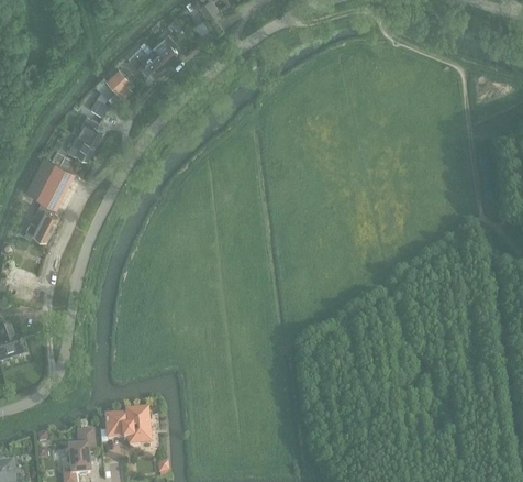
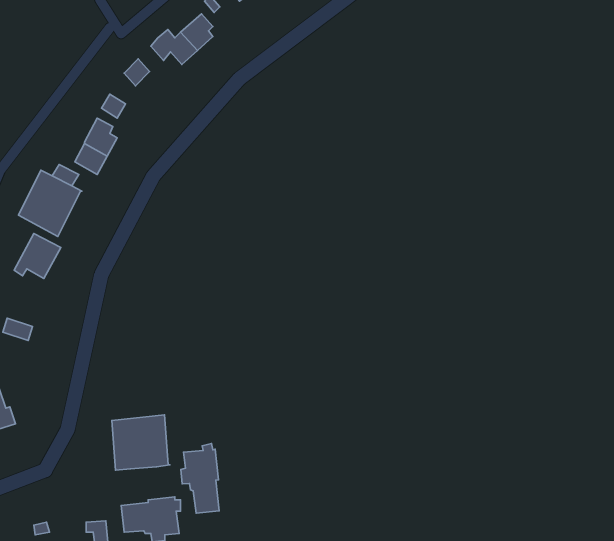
building: none -> [112,415,170,470]
building: none -> [181,444,219,513]

